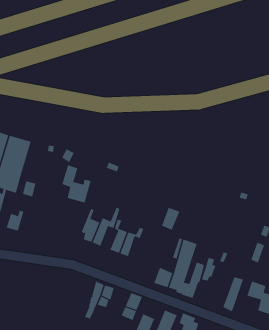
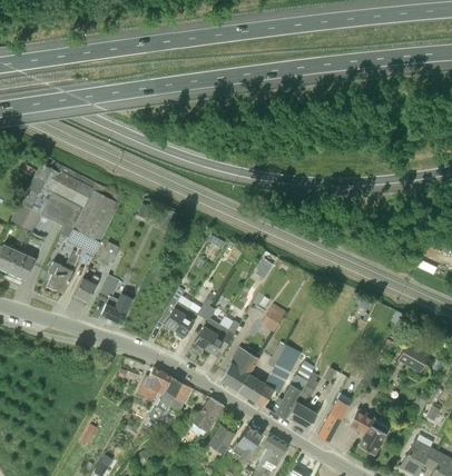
building: [61,164,92,203] -> [97,275,134,325]
building: none -> [220,348,258,391]
building: none -> [136,368,170,400]
building: none -> [286,401,317,430]

